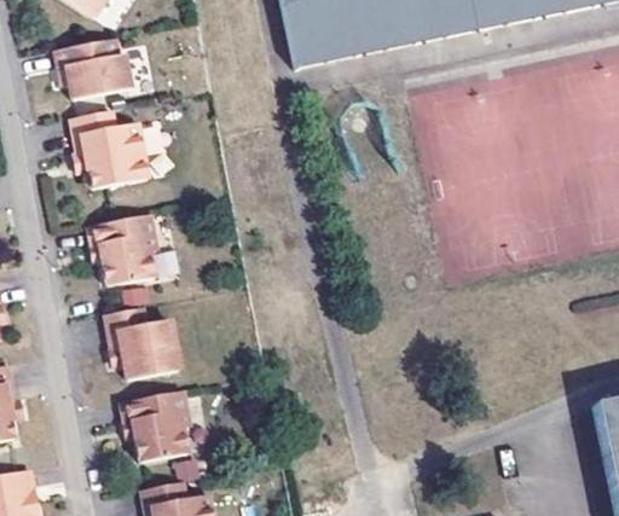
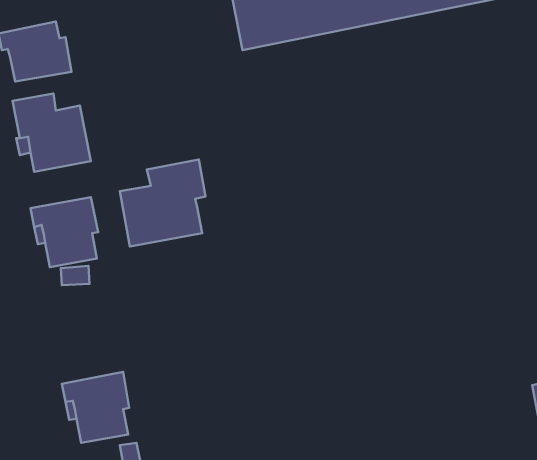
building: none -> [120,159,206,246]
building: [108,306,179,378] -> none

